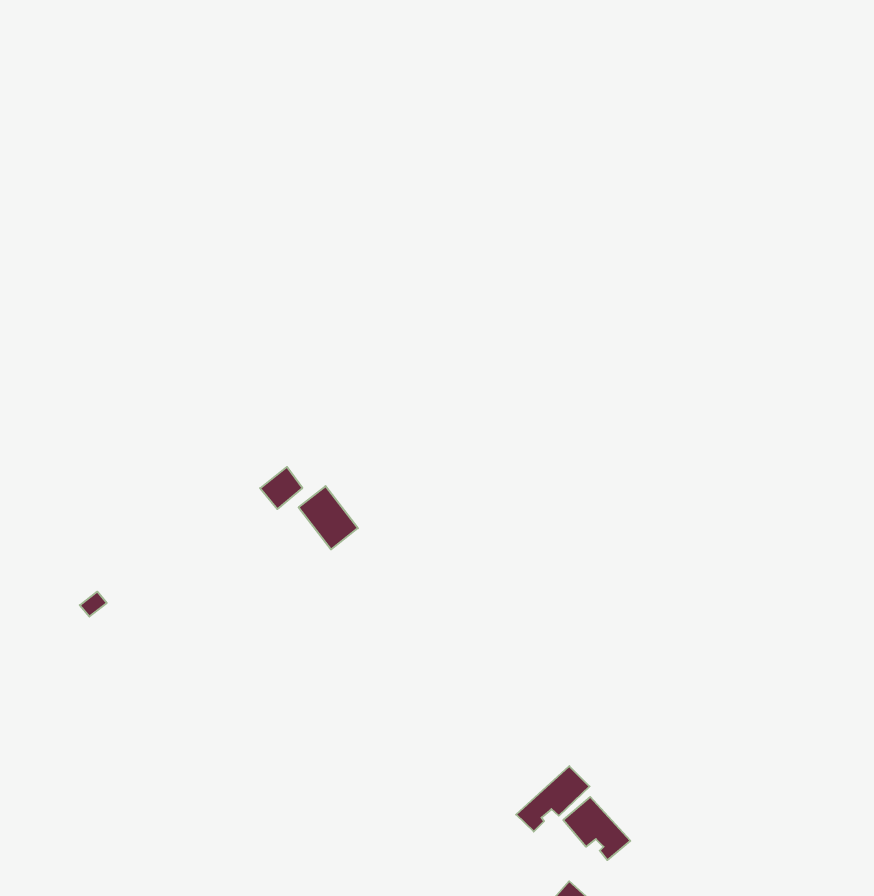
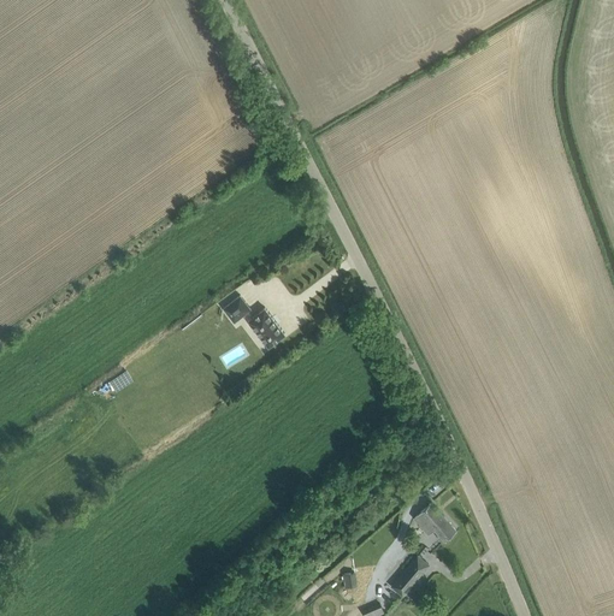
building: [516,766,590,832] -> none

